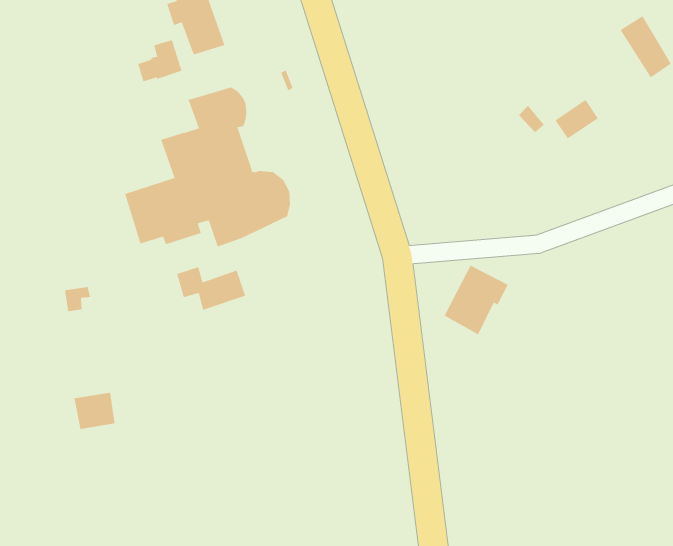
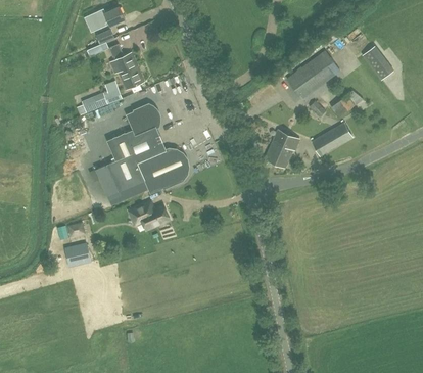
building: none -> [286,50,339,98]
building: none -> [312,123,353,155]
building: [443,265,509,335] -> [265,129,299,168]
building: [73,392,115,430] -> [64,243,89,266]

